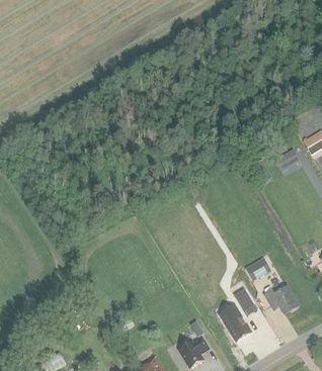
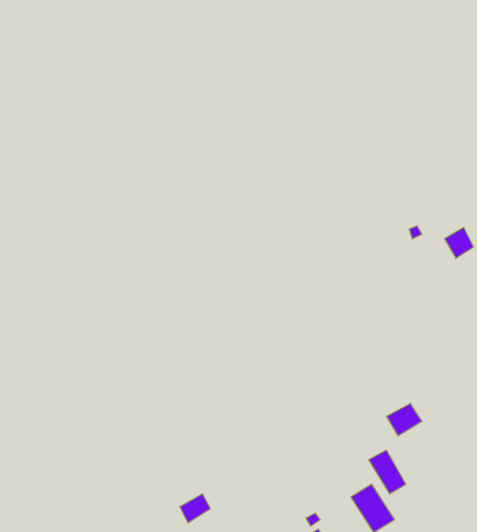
building: [265,286,297,311] -> none

